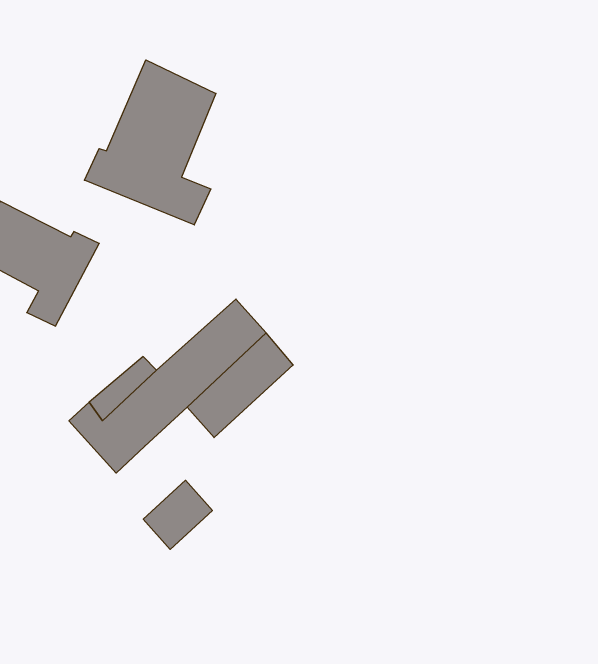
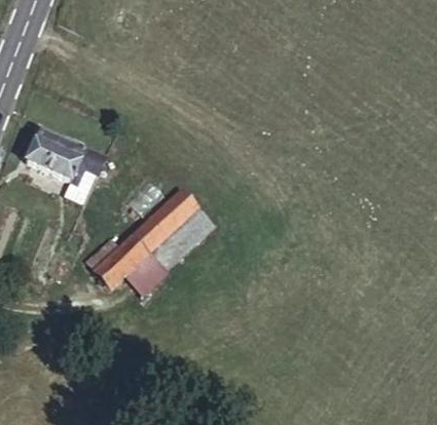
building: [84,60,216,225] -> none
building: [143,480,212,549] -> [128,252,170,294]

